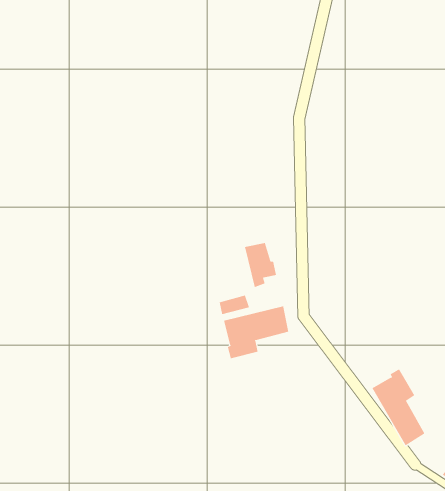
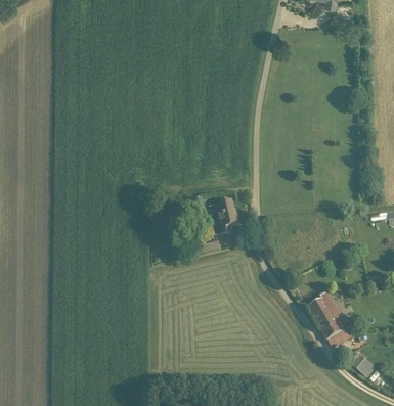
building: [224,306,289,359] -> none

